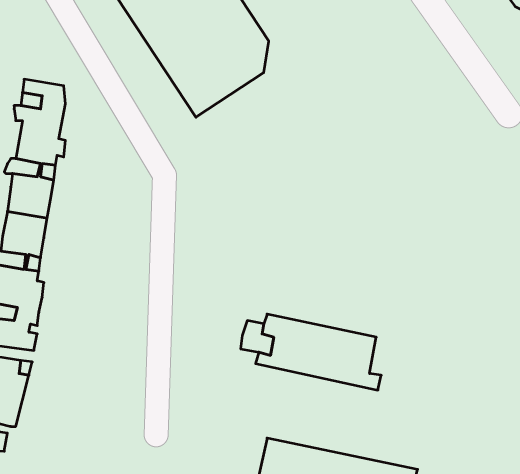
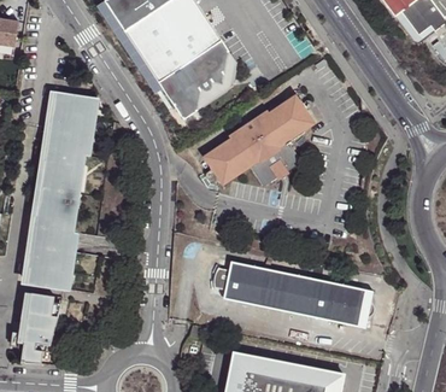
building: none -> [201,94,313,185]
building: none -> [307,279,376,327]

